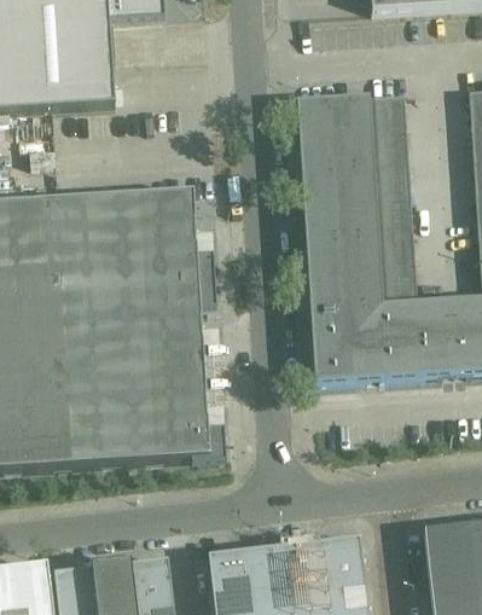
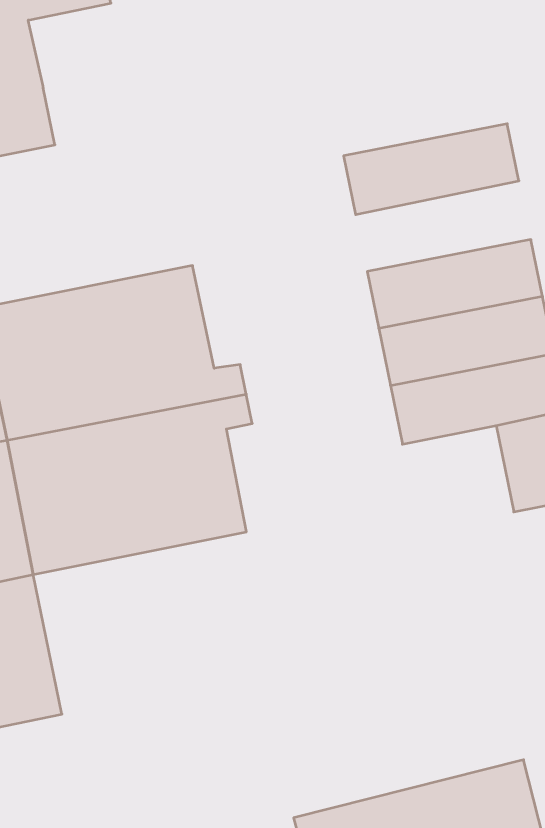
building: [296,92,406,133] -> none
building: [301,164,411,209] -> none
building: [310,319,376,378] -> none
building: [63,365,226,465] -> none

